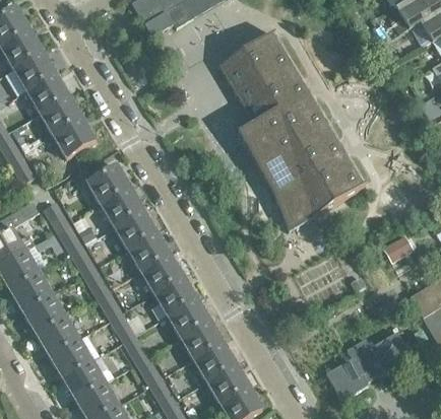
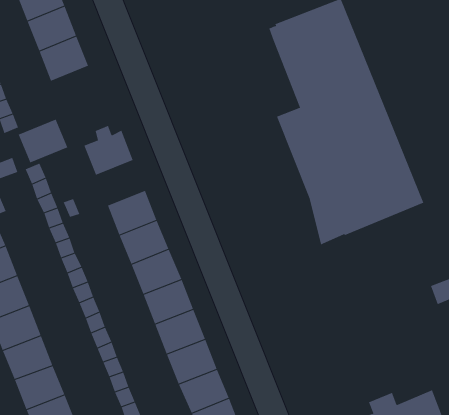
building: [54,119,96,157] -> [18,119,68,163]
building: [102,188,143,227] -> none

